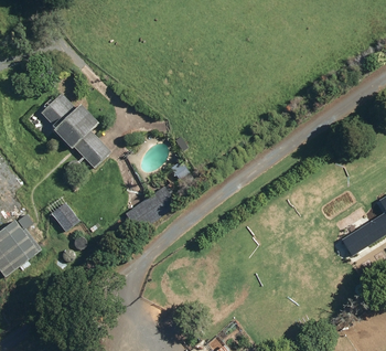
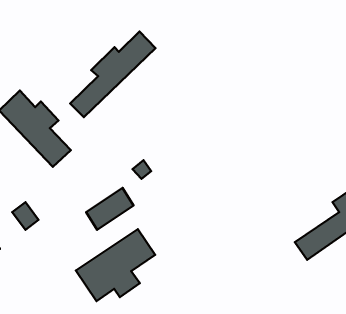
building: none -> [70,32,155,117]
building: none -> [76,229,155,301]

